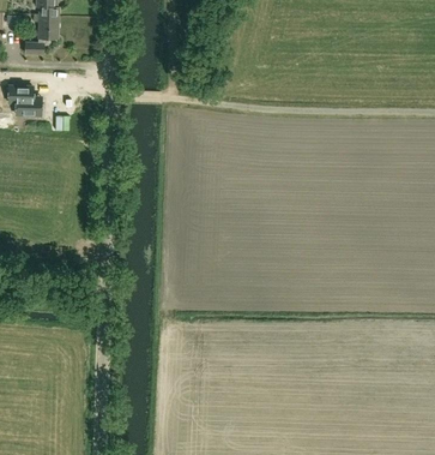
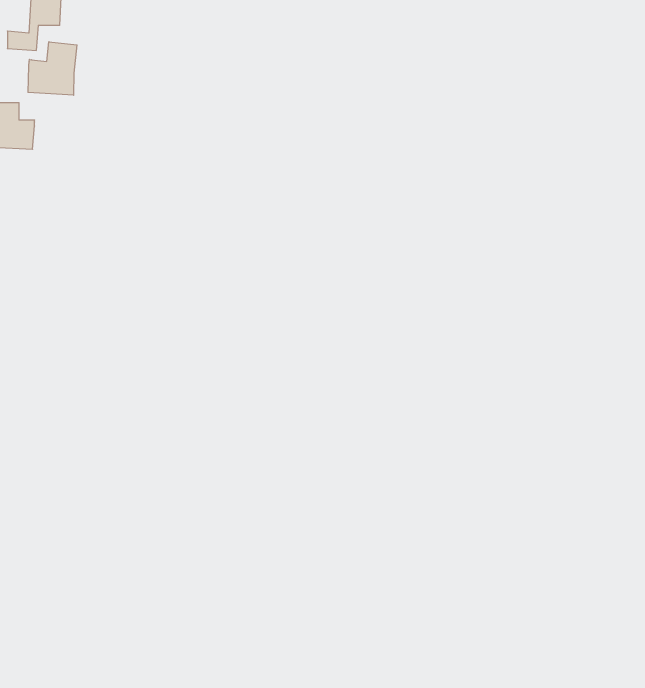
building: none -> [28,42,77,95]

